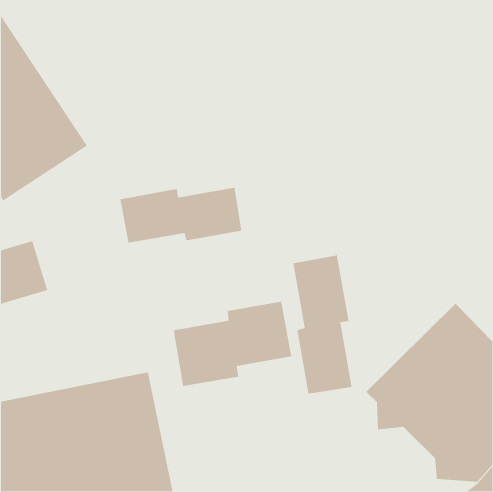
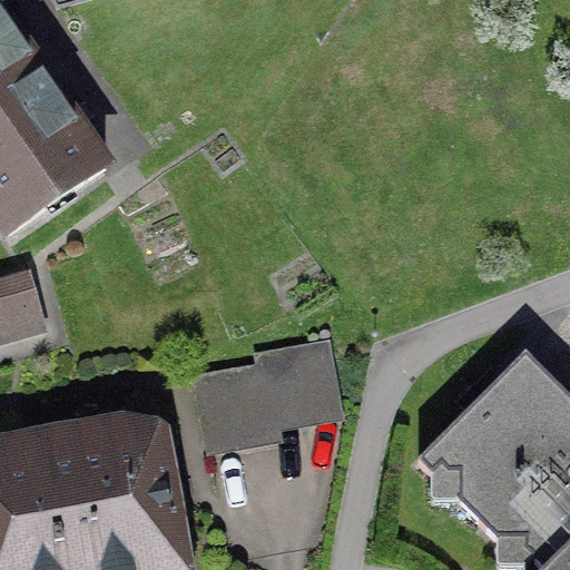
building: [119,187,242,244] -> none
building: [293,255,353,394] -> none

